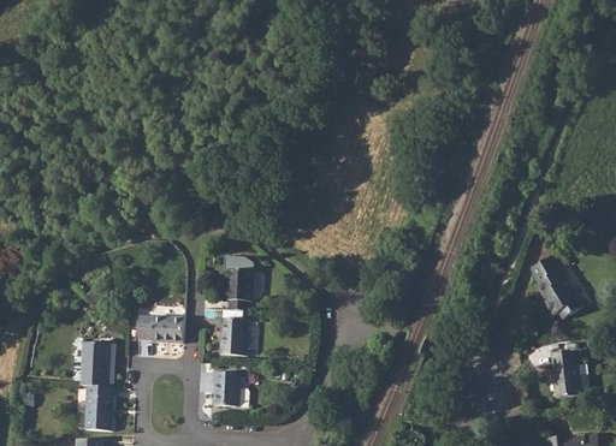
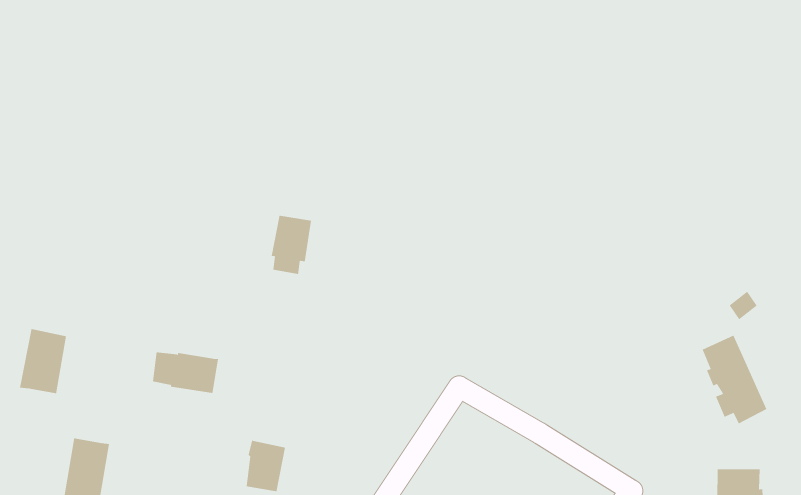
building: [229,267,255,308] -> [271,215,312,275]
building: [221,315,250,353] -> none
building: [82,339,112,383] -> [19,329,67,394]

